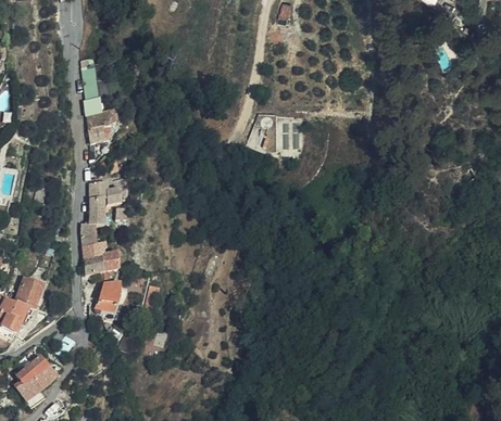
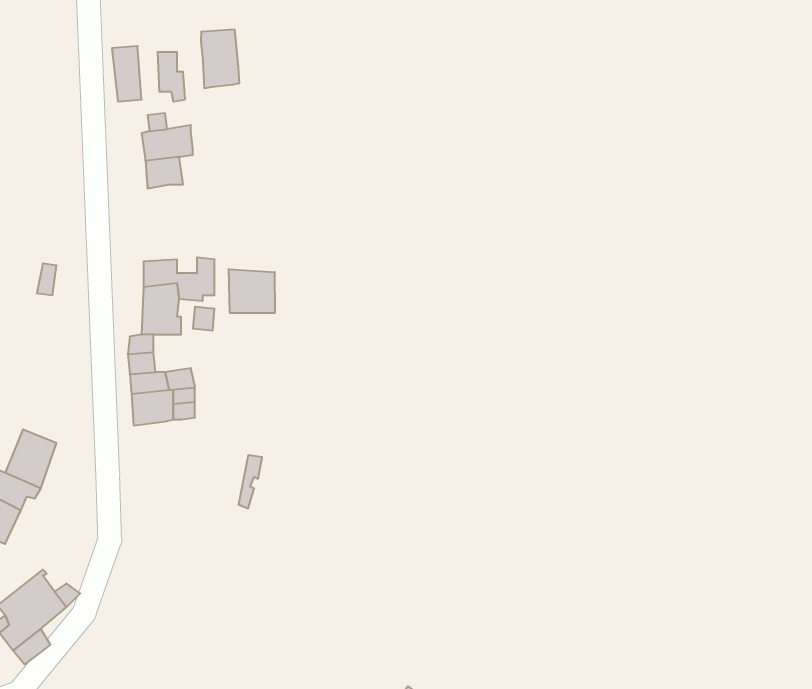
building: none -> [201,29,239,88]
building: none -> [229,269,275,313]
building: [96,283,118,317] -> none

